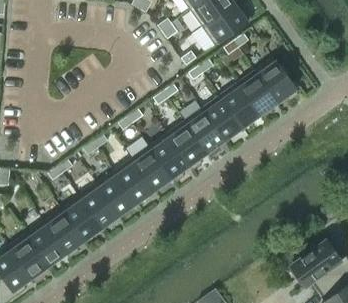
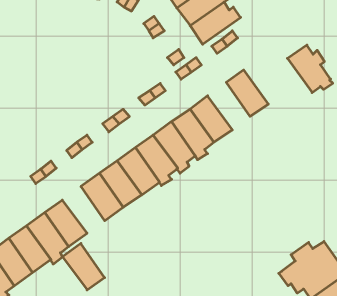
building: [254,58,298,104] -> [287,45,333,93]
building: [219,83,260,129] -> none
building: [78,184,119,229] -> [62,243,105,290]

